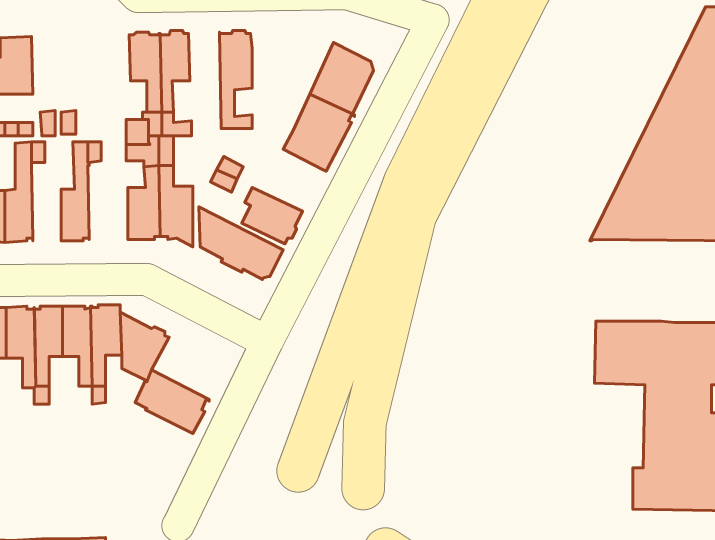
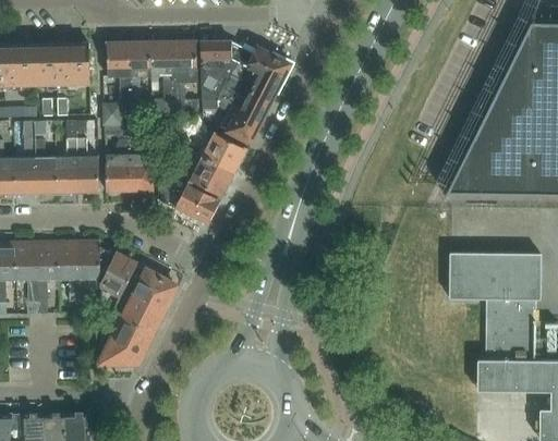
building: none -> [150,39,174,111]
building: none -> [201,40,255,112]
building: none -> [35,42,90,86]
building: none -> [197,133,246,172]
building: none -> [35,138,57,194]
building: none -> [76,138,99,193]
building: none -> [123,265,179,310]
building: none -> [97,316,151,365]

